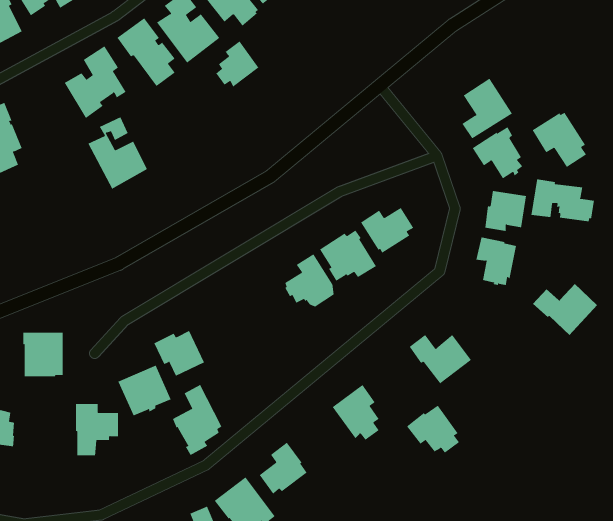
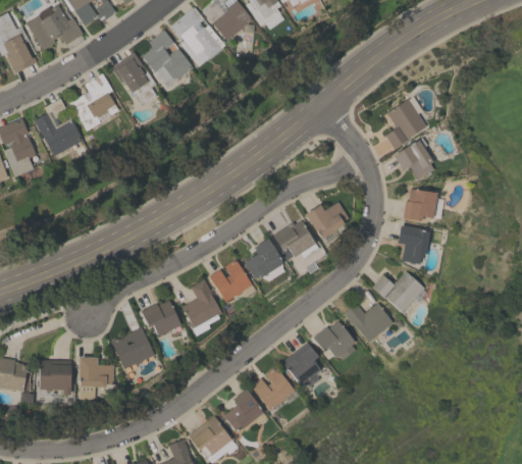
building: [215,41,259,87] -> none
building: [532,112,587,168] -> none
building: [87,116,148,190] -> [35,99,83,157]
building: [531,179,595,222] -> none
building: none -> [209,259,255,302]
building: [532,283,598,336] -> [372,271,424,313]
building: [23,332,64,377] -> [38,361,70,397]
building: [172,384,222,456] -> [181,279,221,337]
building: [406,405,460,454] -> [313,320,356,359]
building: none -> [251,366,295,410]

